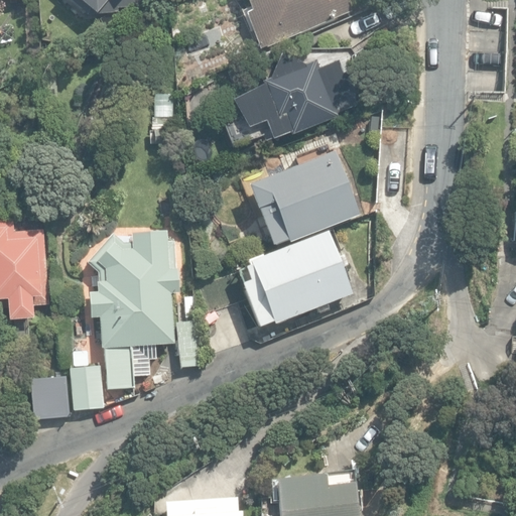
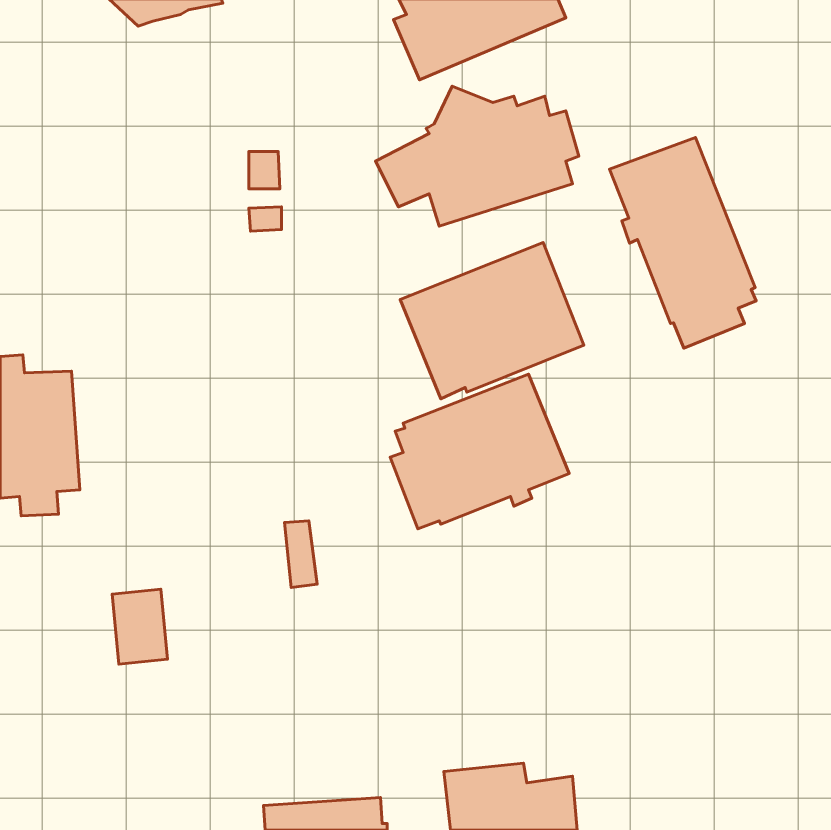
building: none -> [610,137,756,348]
building: [86,231,178,389] -> none
building: [29,375,70,418] -> none

